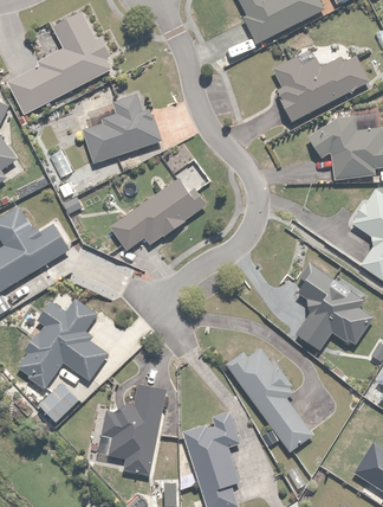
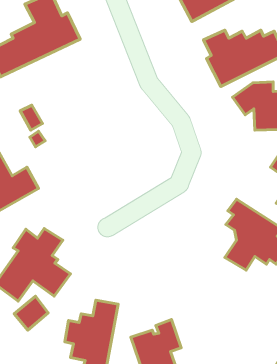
building: [84,94,161,161] -> none
building: [110,163,201,250] -> none
building: [226,348,316,453] -> none

